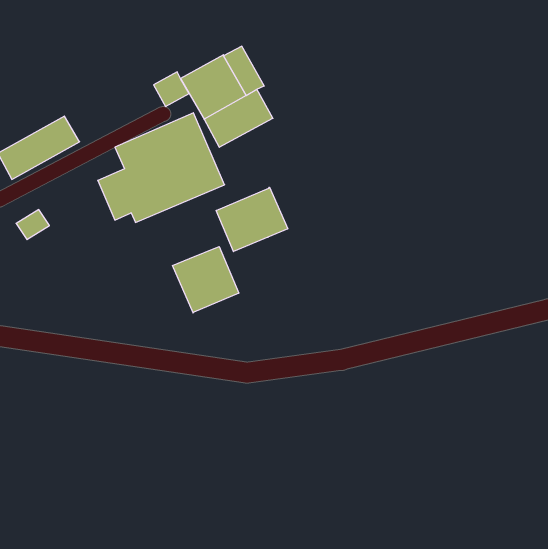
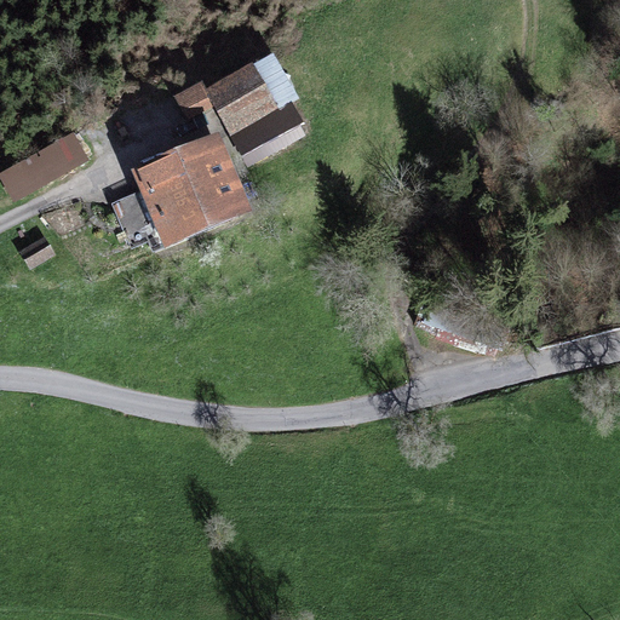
building: [216,187,288,252] -> none
building: [173,247,239,313] -> none

